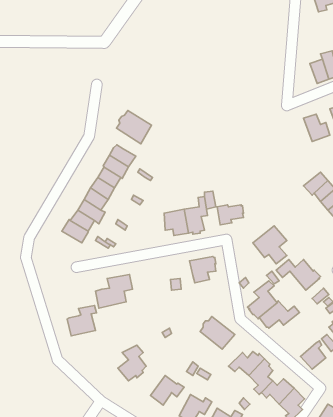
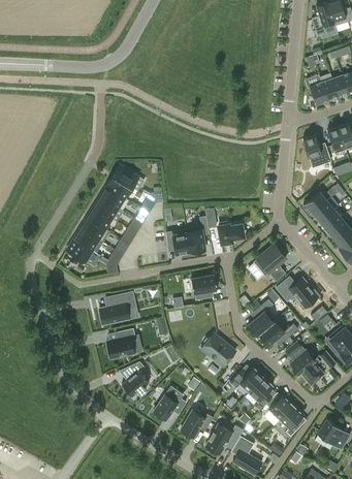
building: [117,110,152,144] -> none
building: [67,305,97,336] -> [106,328,135,358]
building: none -> [286,342,315,374]

